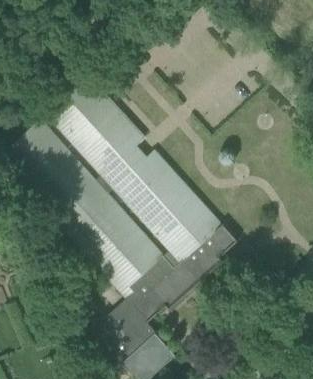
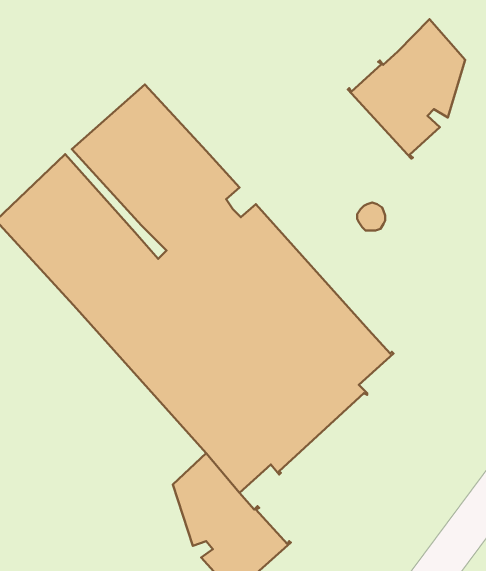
building: none -> [348,19,465,159]

